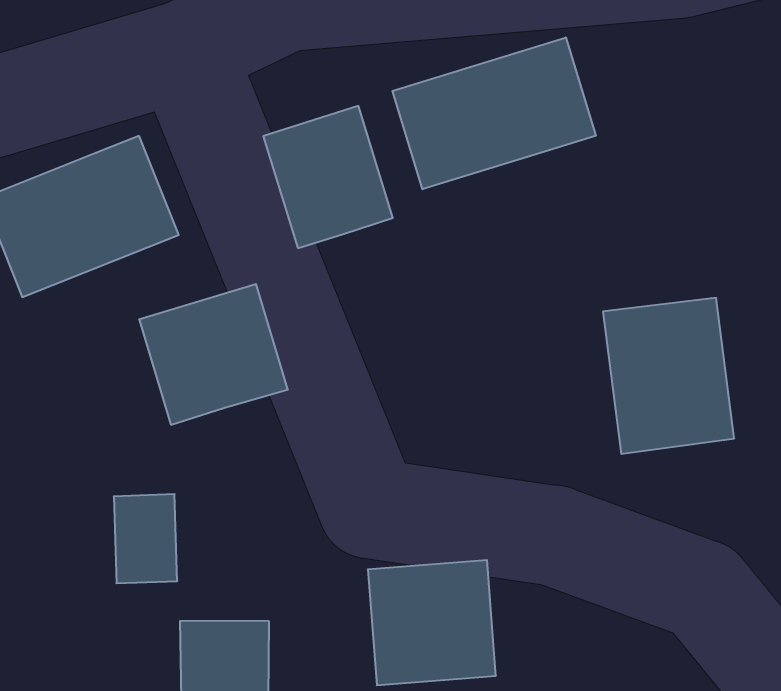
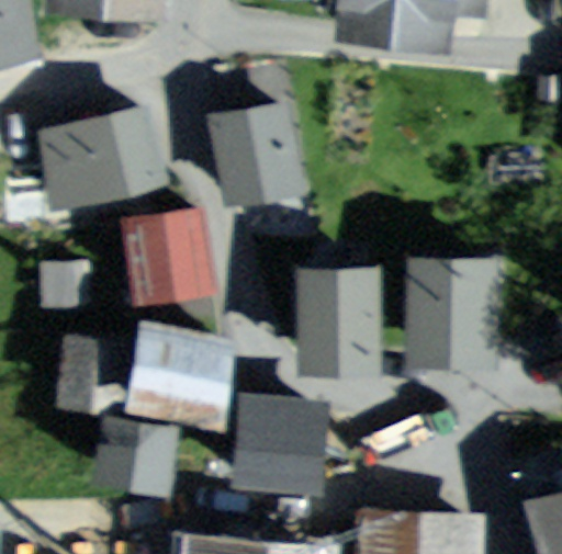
building: [392,37,596,189] -> none
building: none -> [299,273,369,364]
building: none -> [131,332,221,418]

